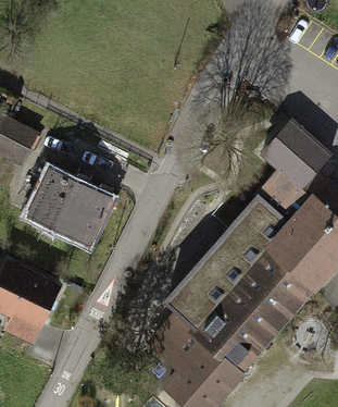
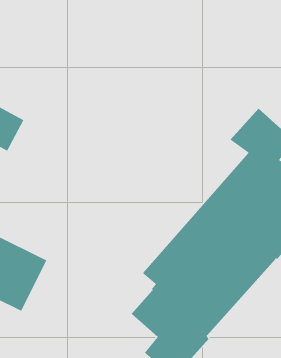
building: [22,166,110,246] -> none

